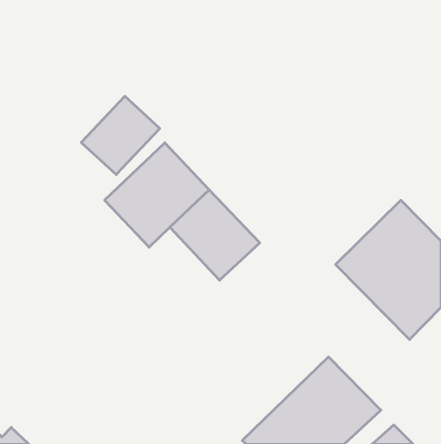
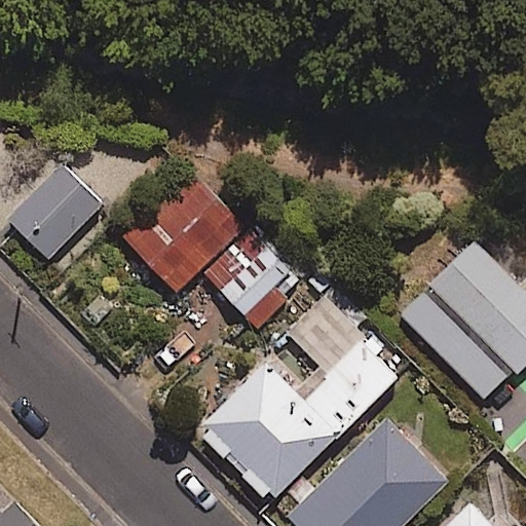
building: [81,96,160,175] -> [9,165,102,258]
building: none -> [194,298,399,508]

